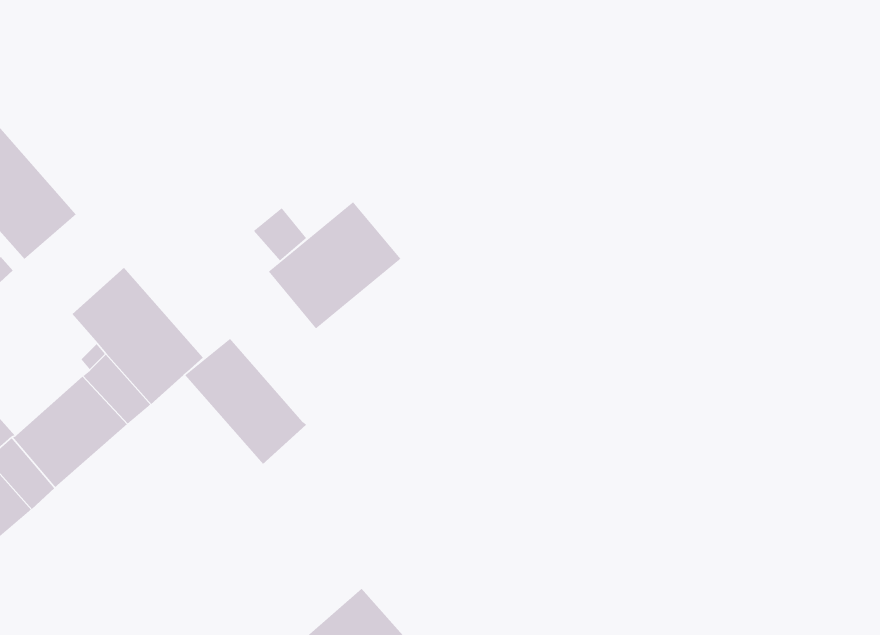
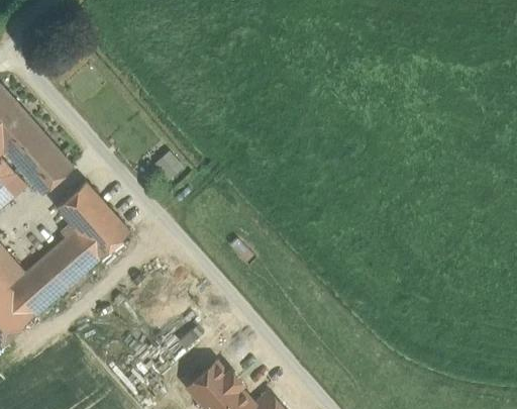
building: [268,201,401,329] -> none
building: none -> [30,152,73,194]
building: [184,338,307,465] -> none

